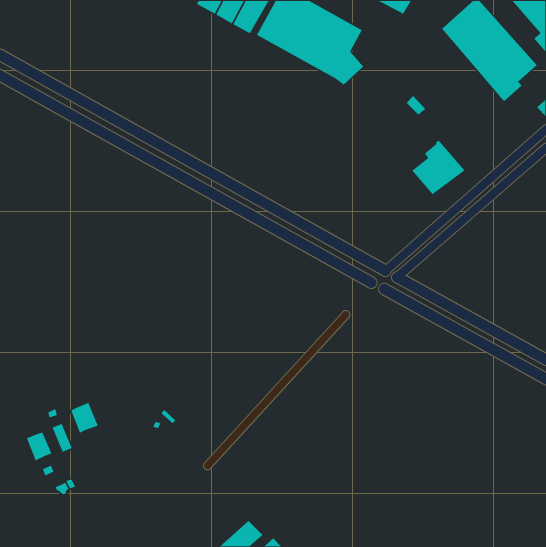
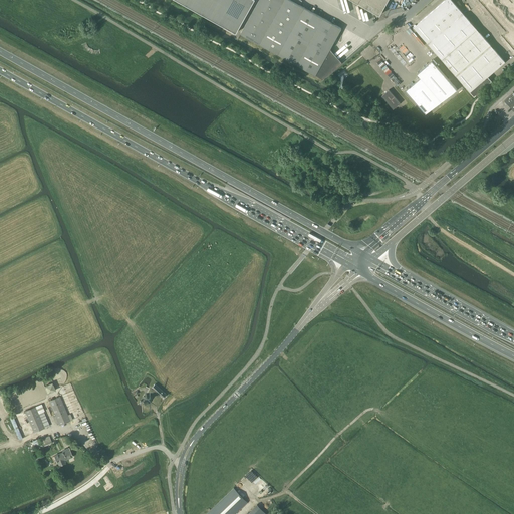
building: [411,140,466,195] -> [405,60,456,112]
building: [70,402,99,434] -> none

